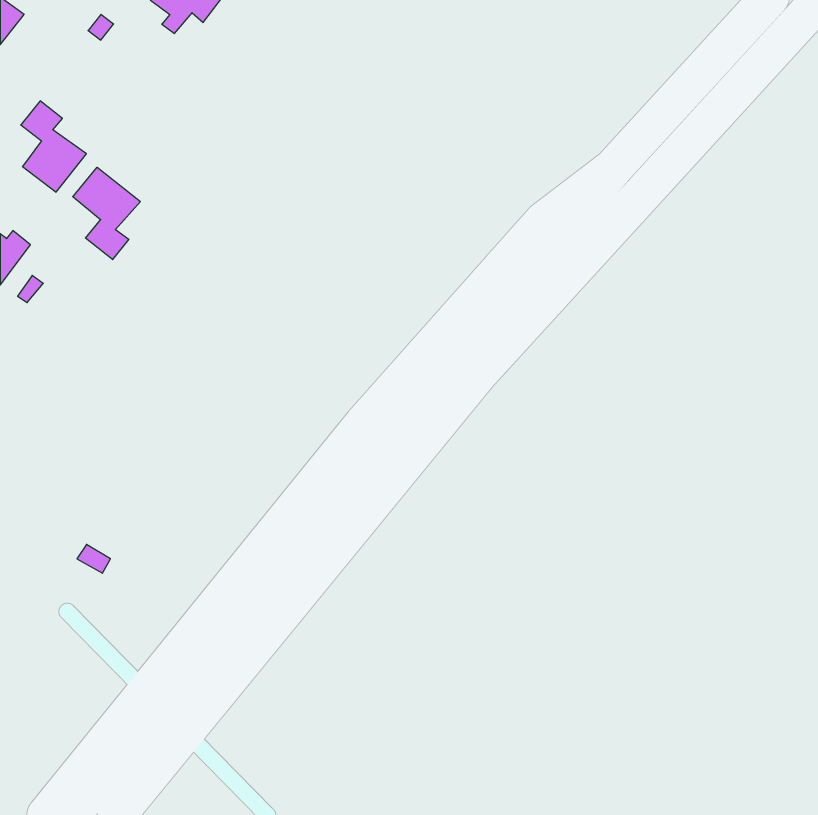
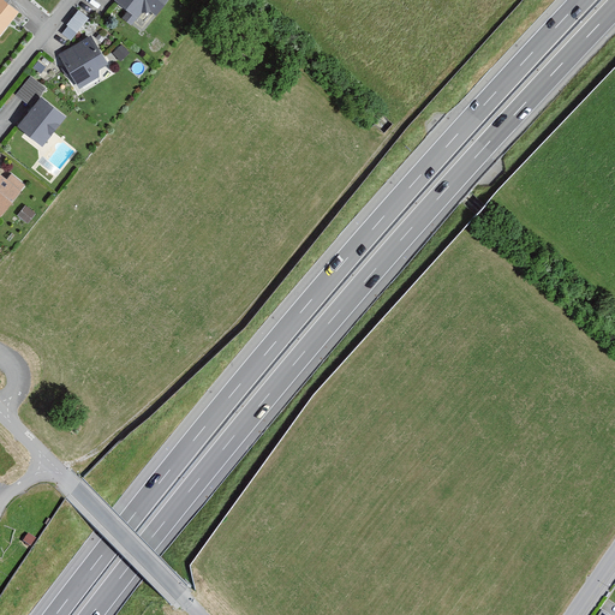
building: none -> [59,35,106,88]
building: [73,167,140,260] -> none

